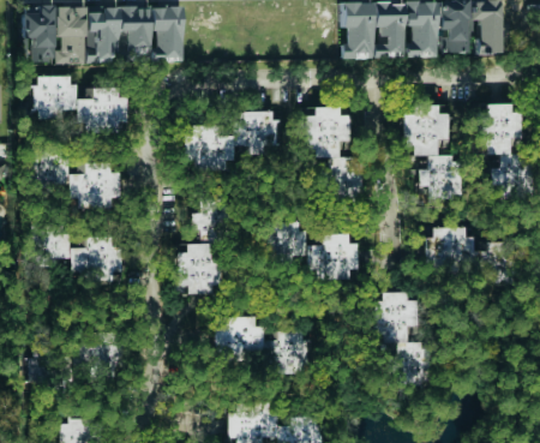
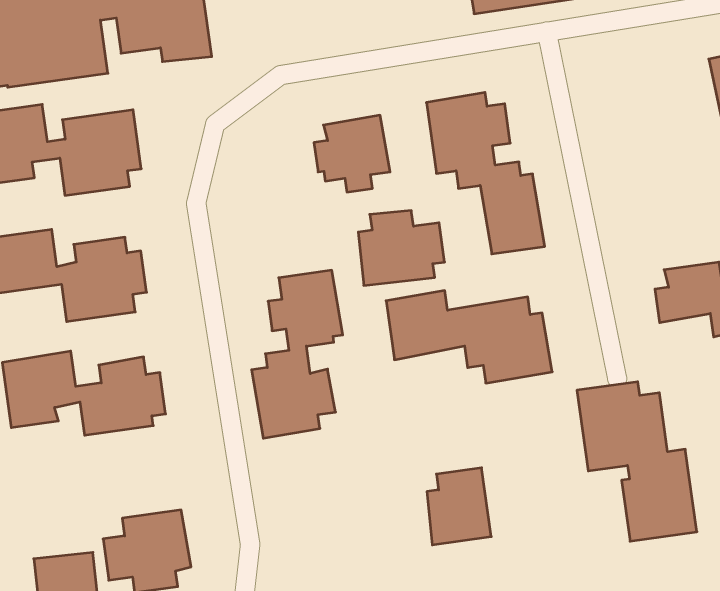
building: [403,106,457,203] -> none
building: [184,126,234,169] -> [358,211,445,285]
building: [215,317,265,363] -> none

